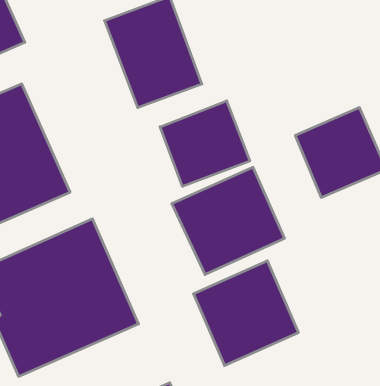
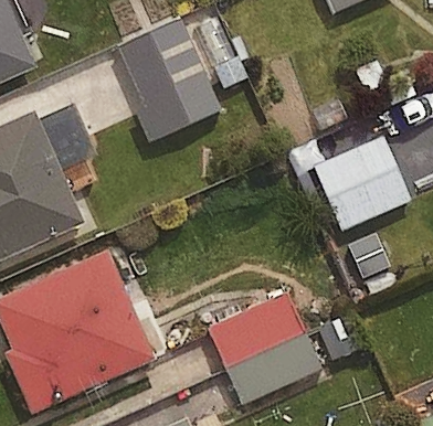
building: [160,101,250,186] -> none
building: [172,167,284,275] -> none

